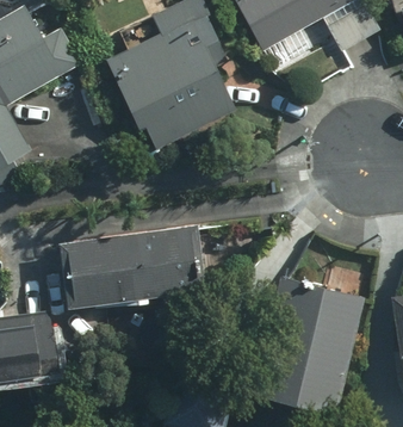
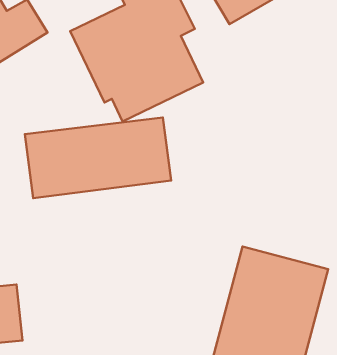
building: [58,225,205,307] -> [25,117,171,198]

